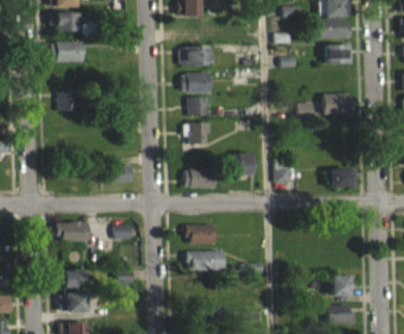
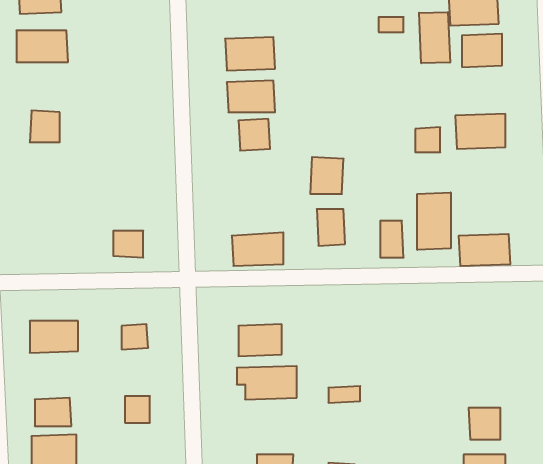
building: none -> [419,12,450,63]
building: [189,121,209,144] -> [310,157,344,194]
building: none -> [417,192,451,250]

